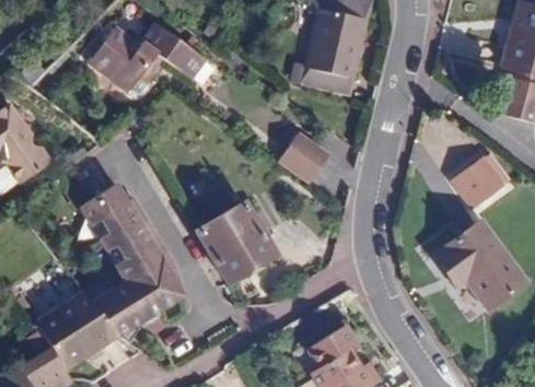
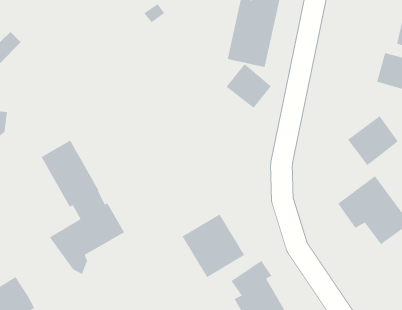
building: [82,19,198,87] -> none
building: [272,130,328,185] -> [226,63,272,109]
building: [198,204,275,282] -> [182,213,245,278]
building: [37,292,118,368] -> none

